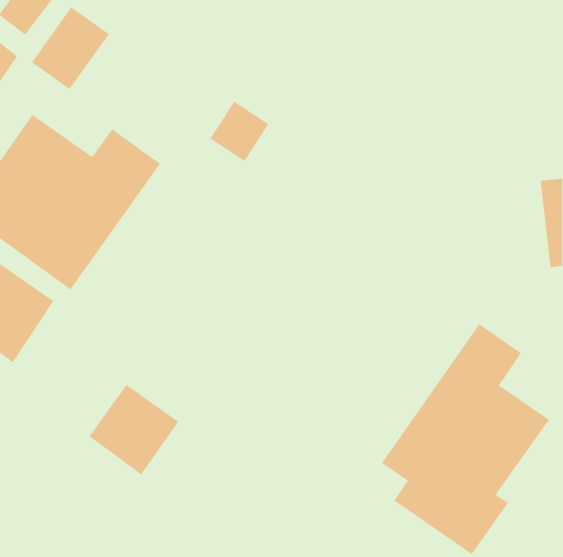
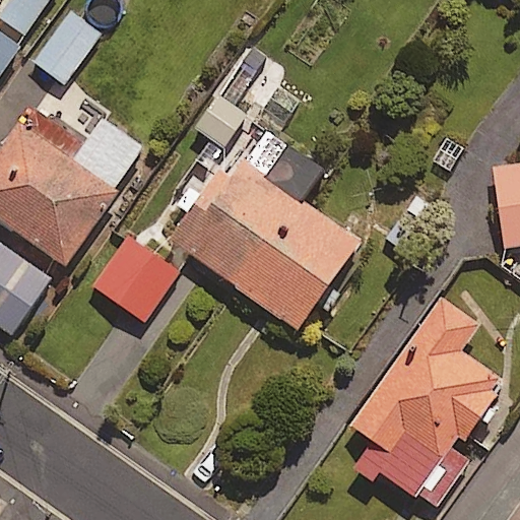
building: none -> [172,145,362,332]
building: [88,384,179,475] -> [94,238,178,321]

